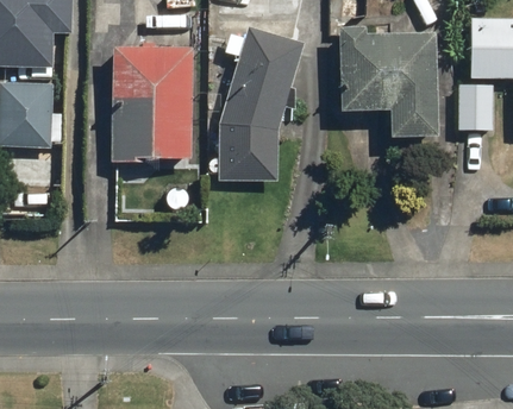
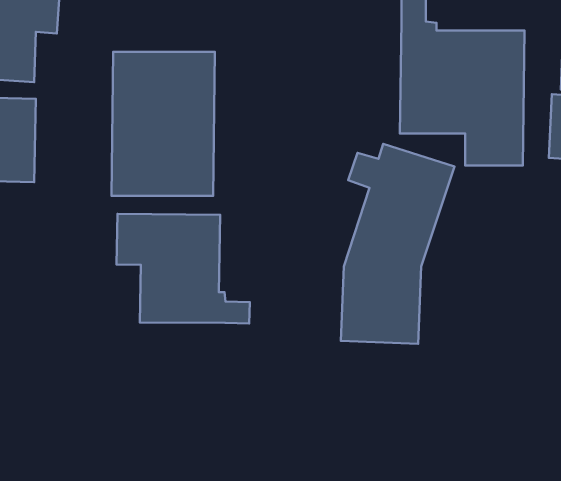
building: [217,25,306,182] -> [341,144,455,344]
building: none -> [117,214,250,323]

